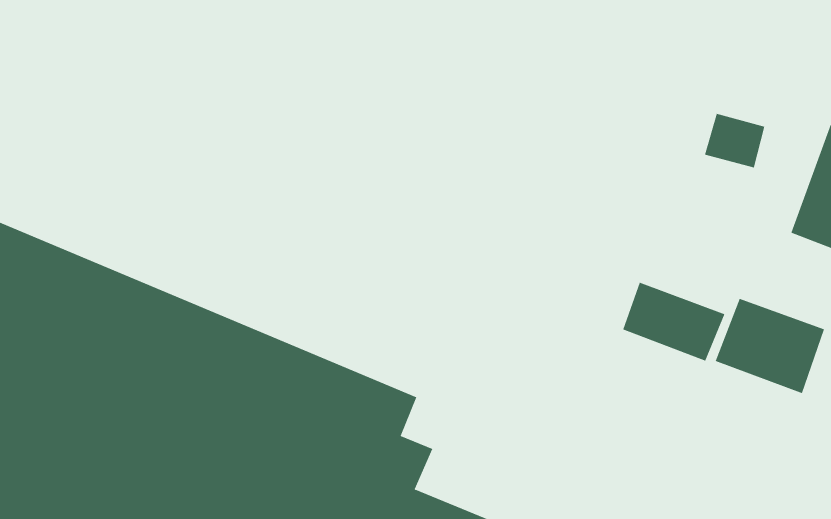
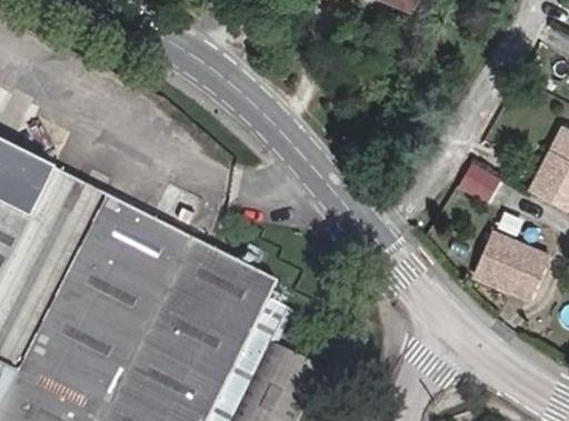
building: [704,113,765,168] -> [459,161,500,199]
building: [622,282,725,362] -> none

